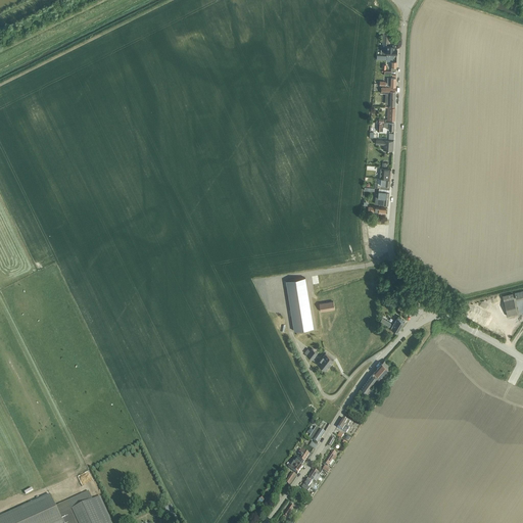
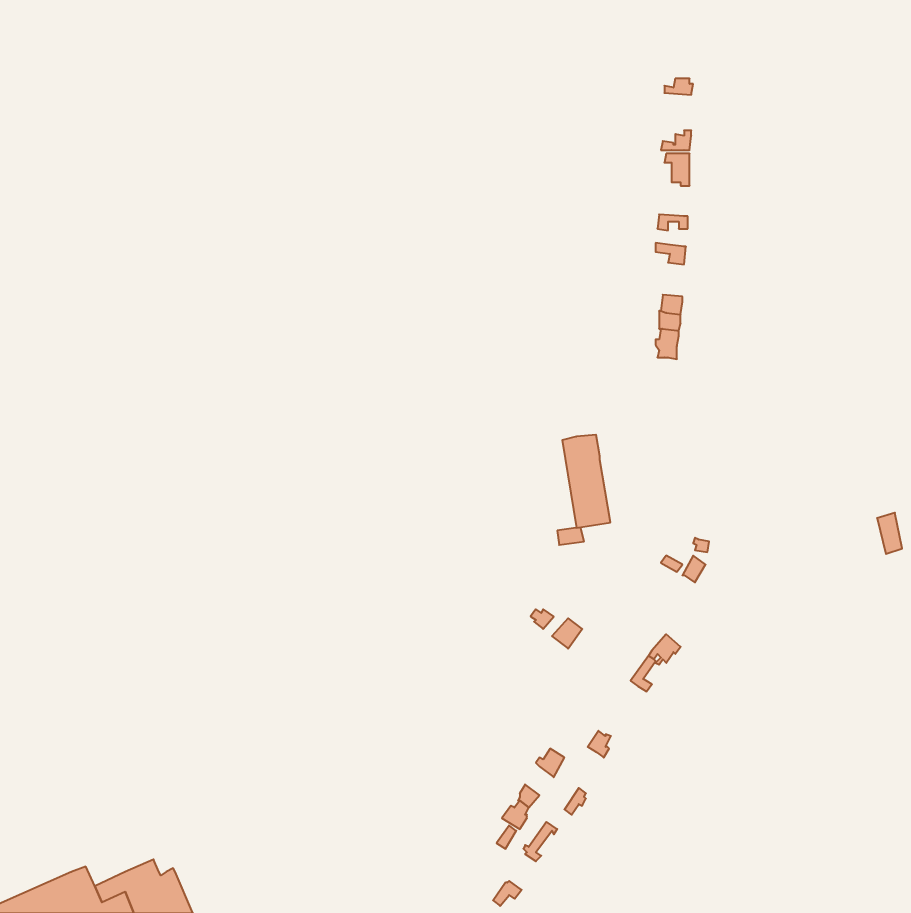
building: [285,278,313,331] -> [562,435,610,528]

